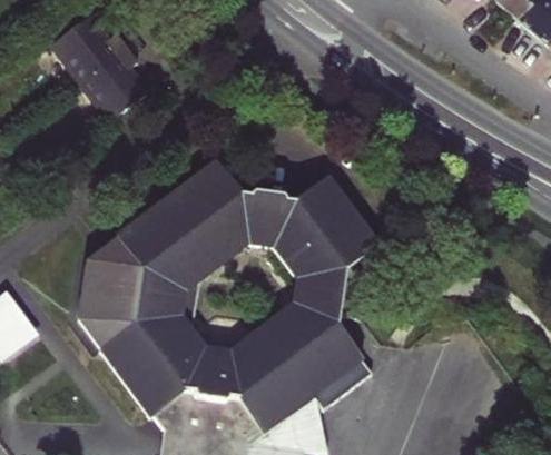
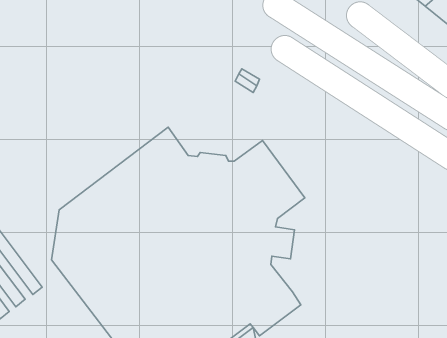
building: [51,18,147,123] -> none

